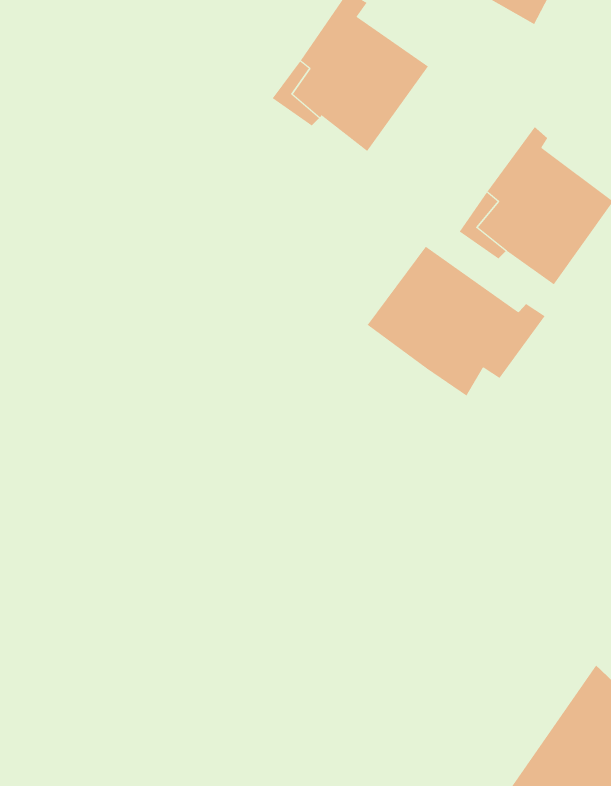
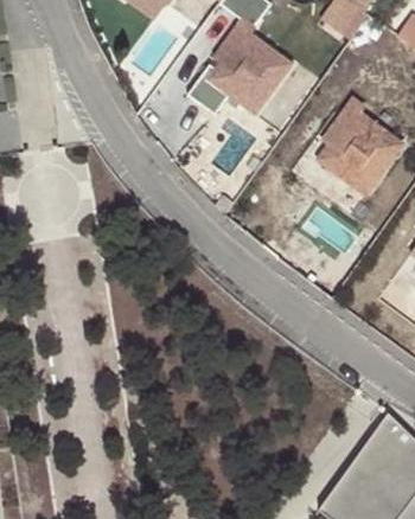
building: [367,246,546,396] -> none

